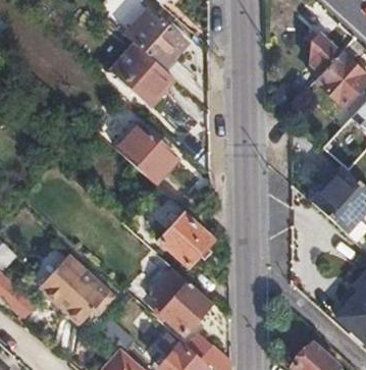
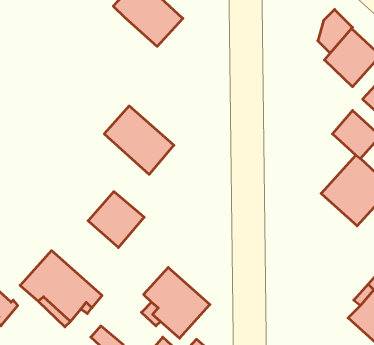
building: [109,43,174,106] -> none
building: [160,215,211,266] -> [88,192,144,248]

